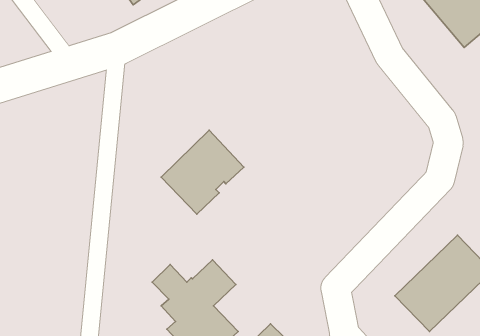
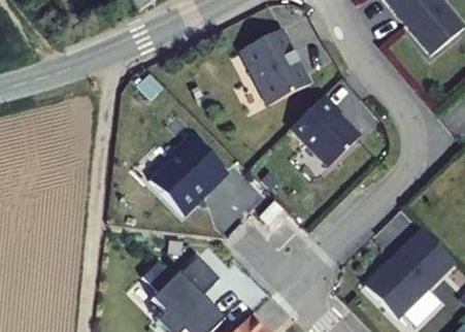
building: none -> [243,24,314,100]
building: none -> [294,90,364,162]

